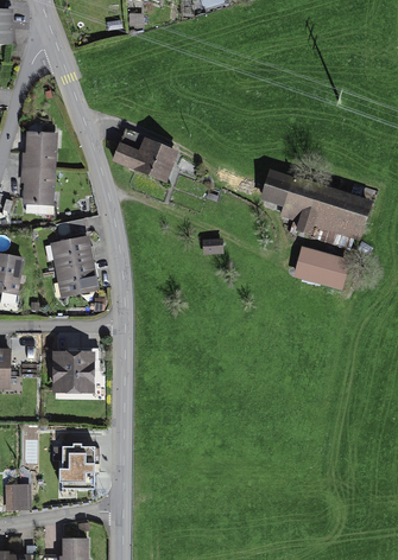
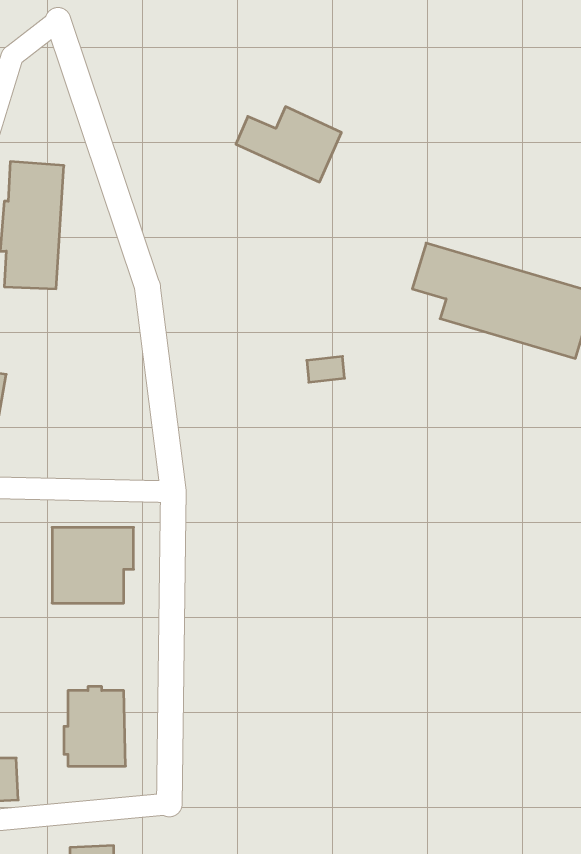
building: [116,139,179,184] -> [236,107,341,182]
building: [48,218,100,298] -> none
building: [295,250,352,292] -> none

